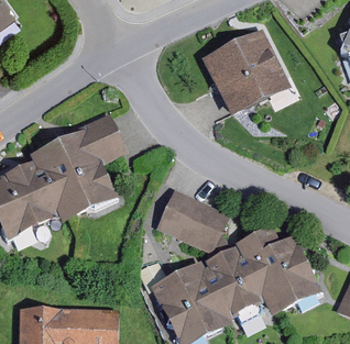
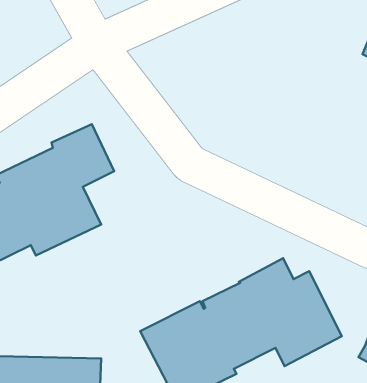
building: [201,32,292,121] -> none
building: [157,192,231,255] -> none

